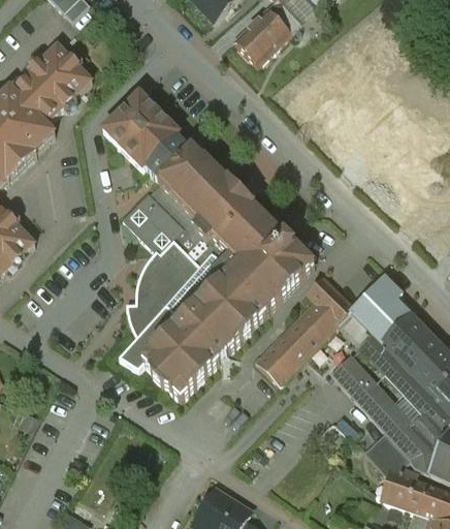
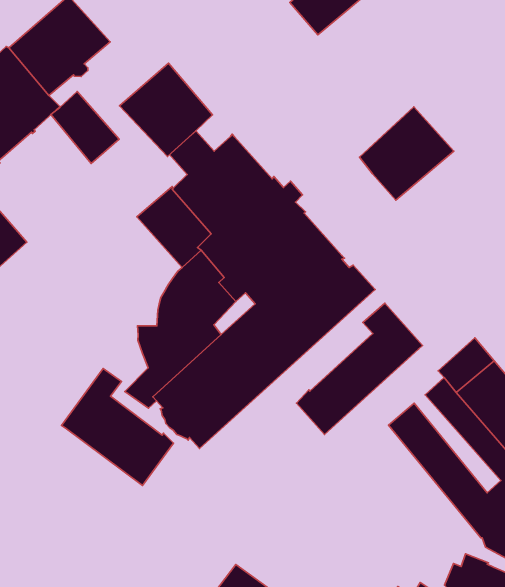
building: none -> [359,107,454,200]
building: none -> [51,92,119,163]
building: [352,274,403,325] -> none
building: none -> [62,369,174,485]
building: [367,433,419,480] -> none

